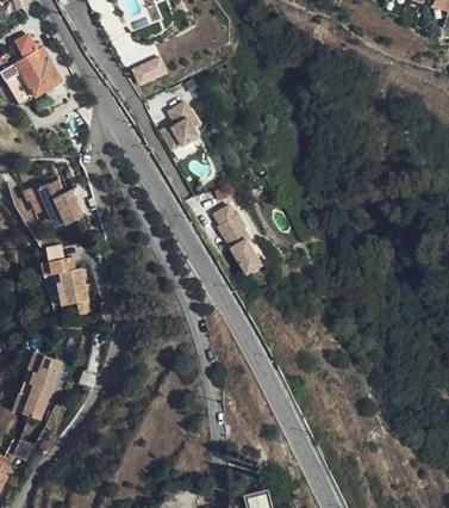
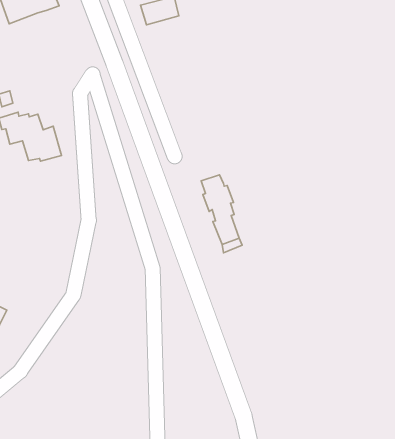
building: [162,103,199,150] -> none
building: [43,256,89,303] -> none

